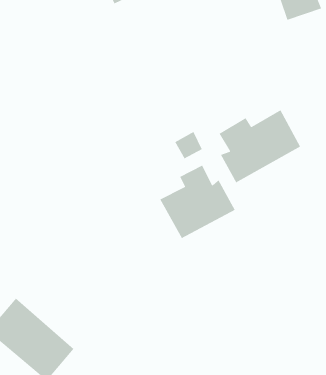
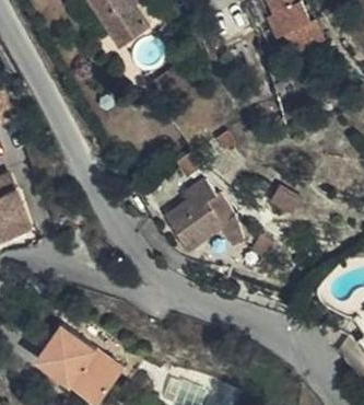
building: [218,109,301,184] -> none

